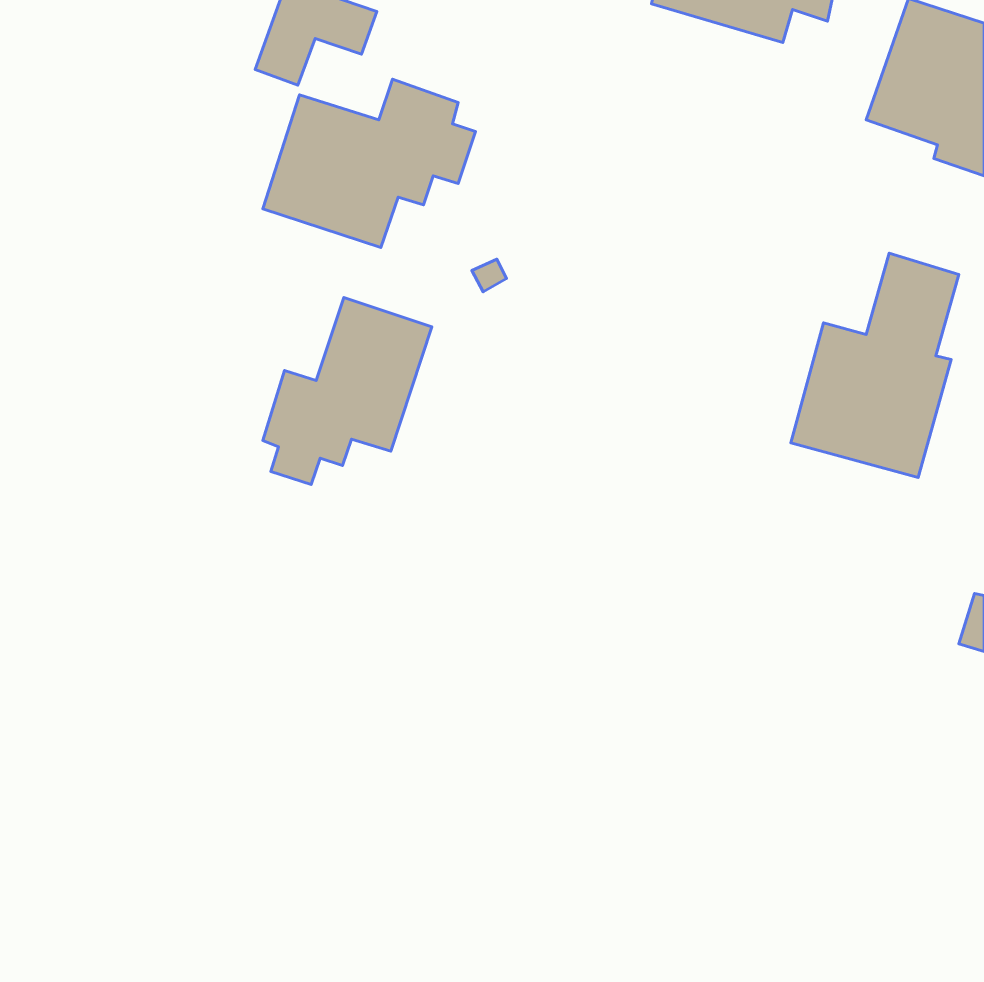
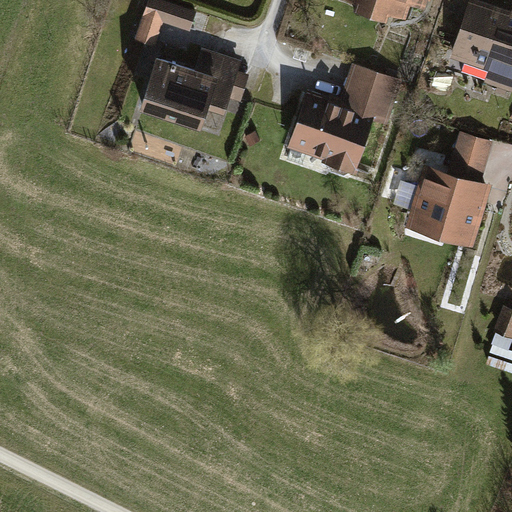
building: none -> [290,66,402,172]
building: [263,297,432,484] -> none

